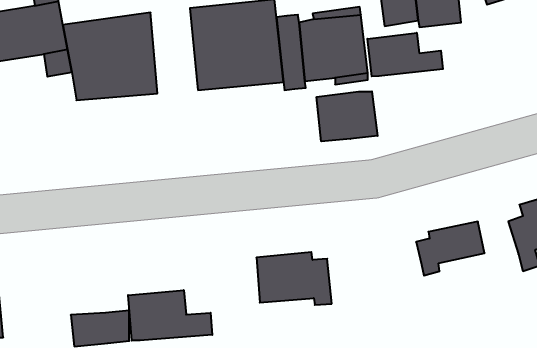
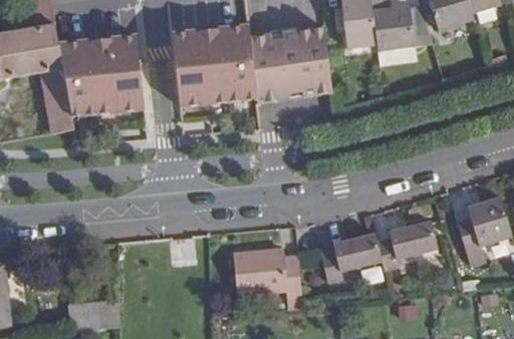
building: [367,33,443,76] -> none
building: none -> [45,88,74,134]
building: [317,91,378,141] -> none
building: none -> [318,233,379,282]
building: [128,290,212,341] -> none

